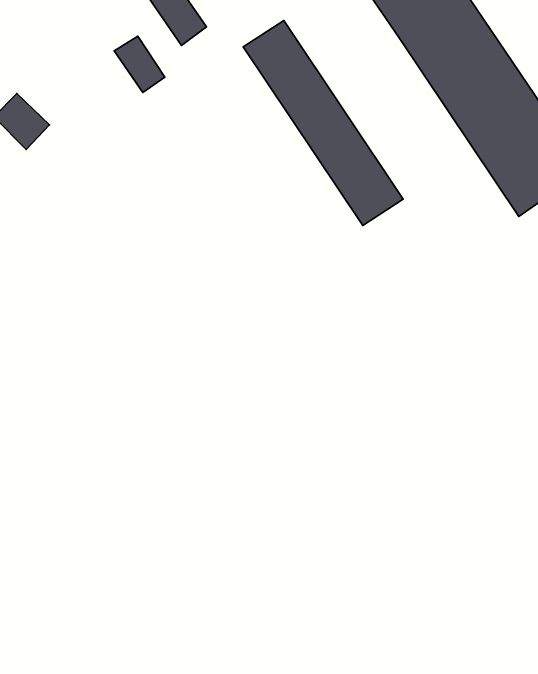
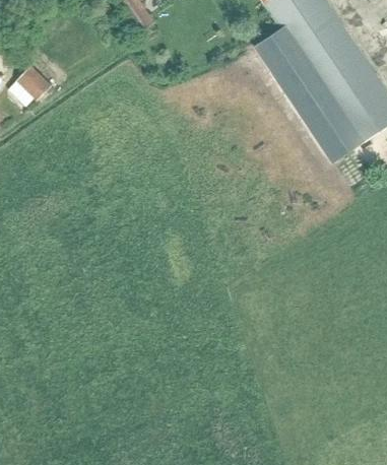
building: [243,20,403,226] -> [254,27,359,161]
building: [114,36,165,92] -> none

